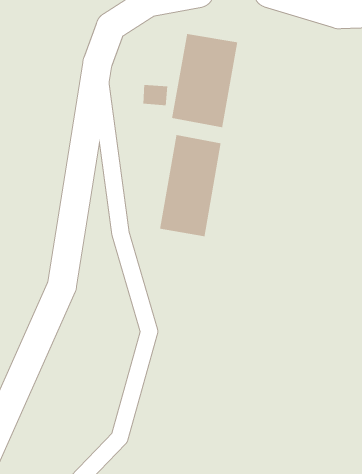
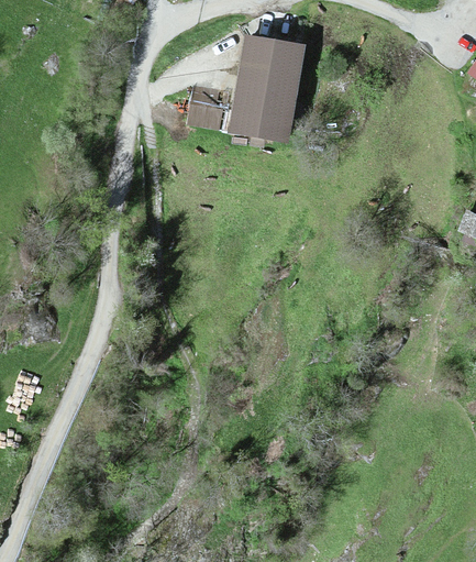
building: [159,134,222,237] -> none

